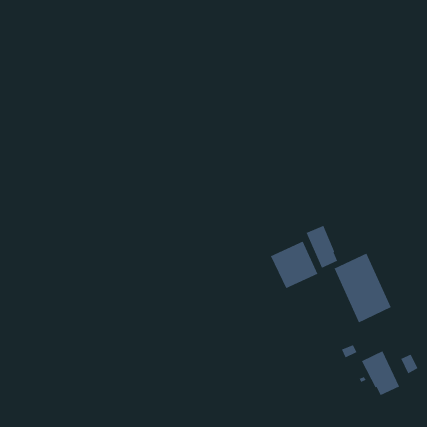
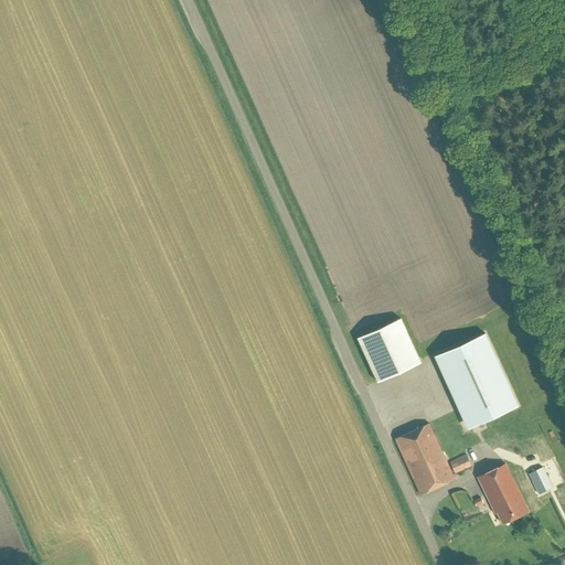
building: [305,225,338,269] -> none
building: none -> [395,423,455,494]

